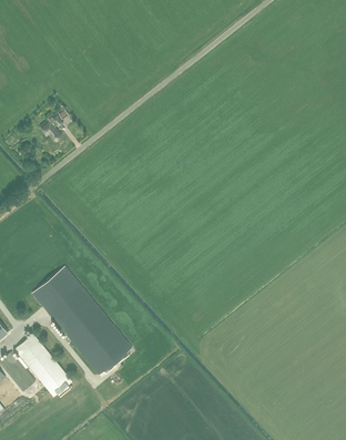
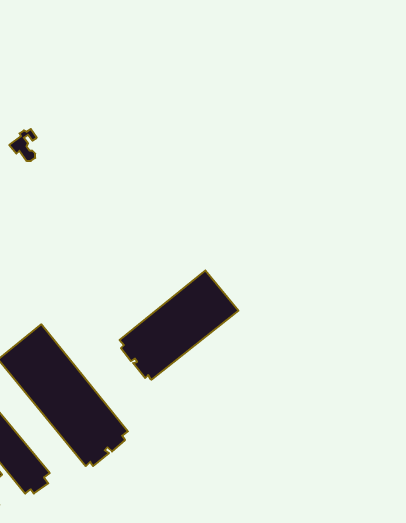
building: none -> [120,270,238,380]

